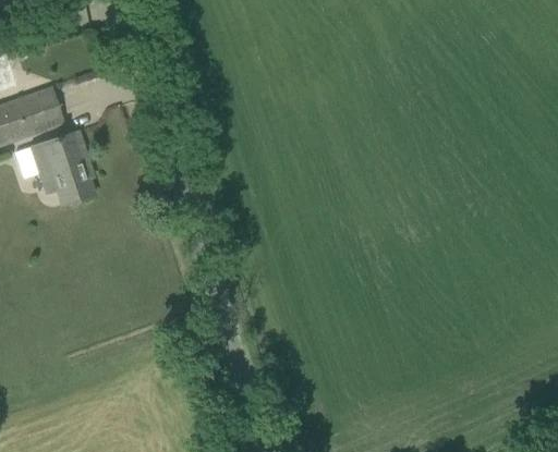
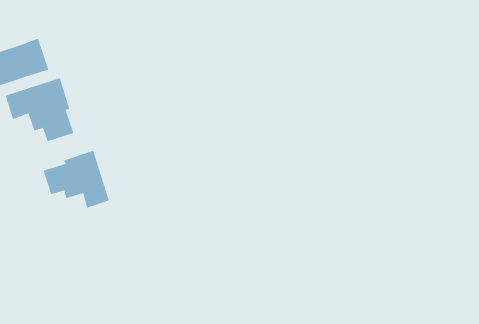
building: none -> [43,150,110,208]

